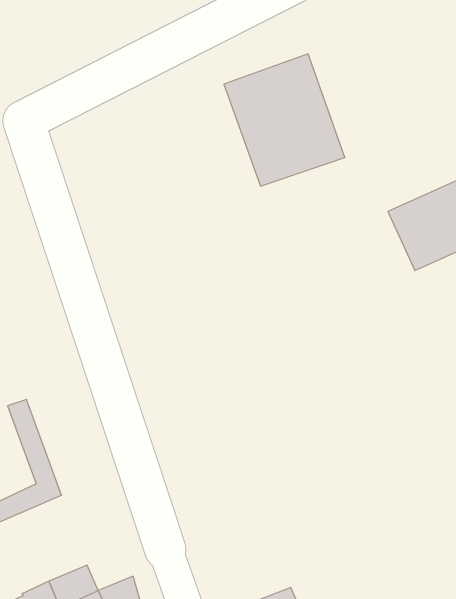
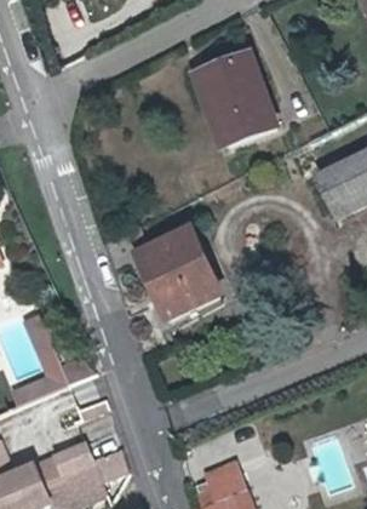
building: none -> [138,224,219,315]

